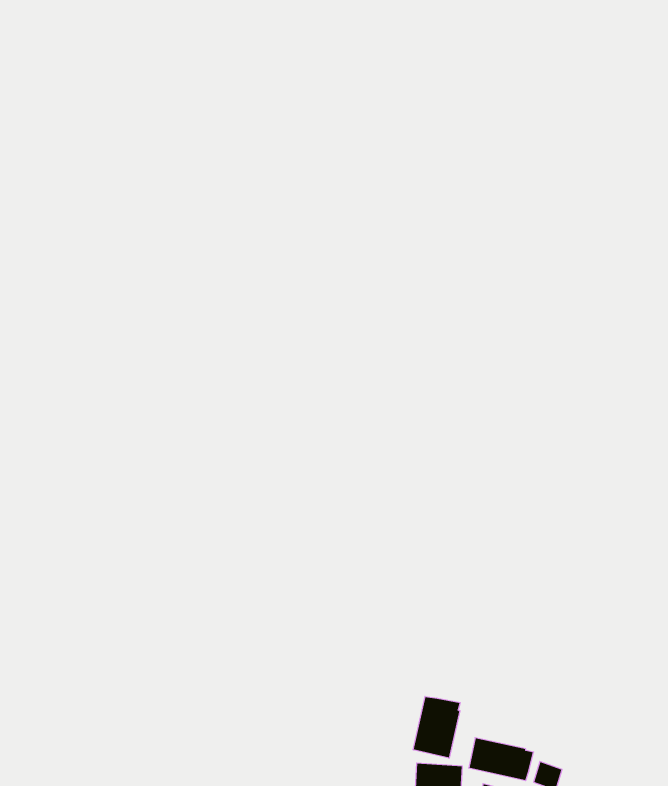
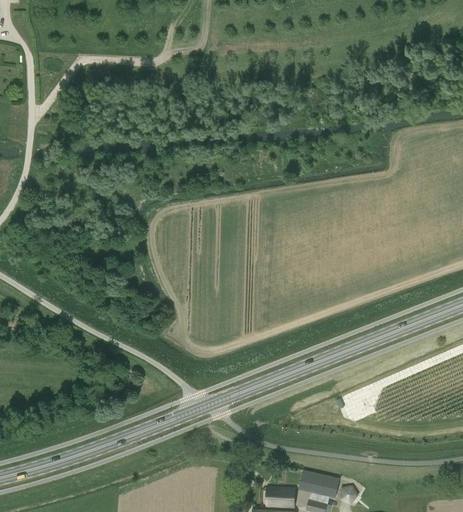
building: [413,696,460,758] -> none

